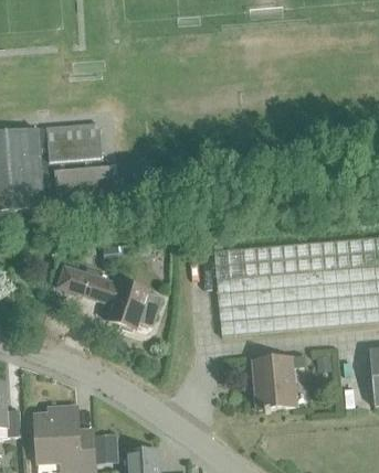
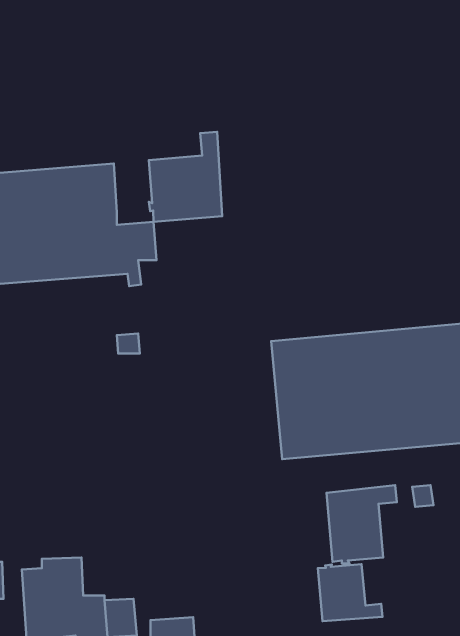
building: none -> [149,132,222,222]
building: [57,265,161,331] -> none
building: none -> [318,564,382,621]

